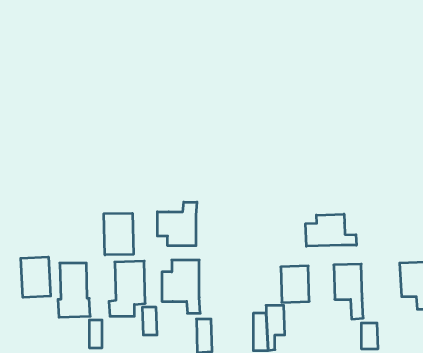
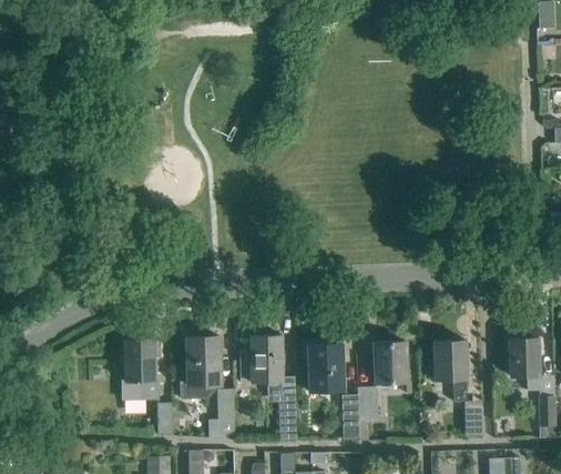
building: [157,202,197,246] -> none
building: [104,213,133,255] -> none
building: [306,214,356,246] -> none
building: [21,257,51,297] -> none
building: none -> [307,343,344,392]

